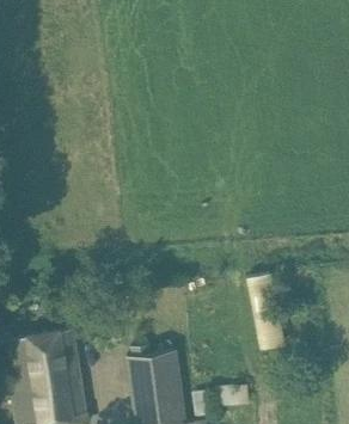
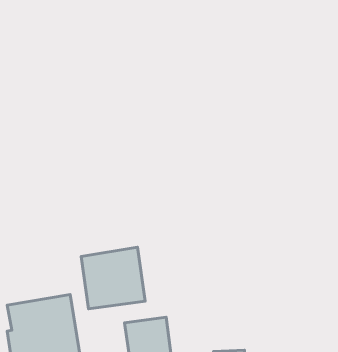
building: none -> [81,247,145,309]

